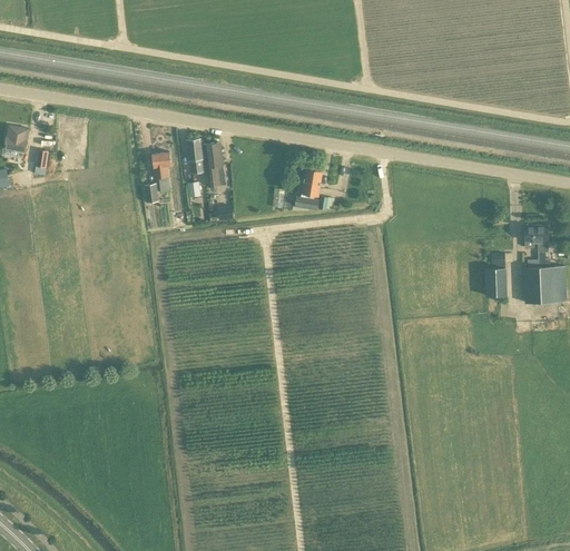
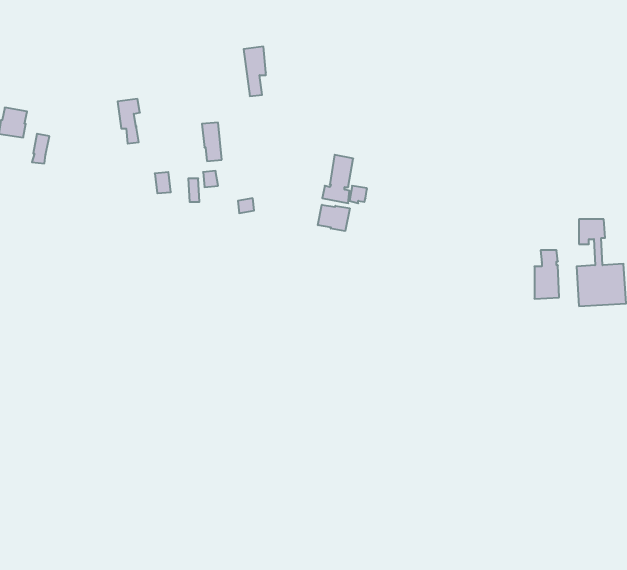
building: [203,142,223,187] -> [244,47,266,96]
building: [151,152,171,193] -> [118,99,140,144]
building: none -> [318,205,350,231]

